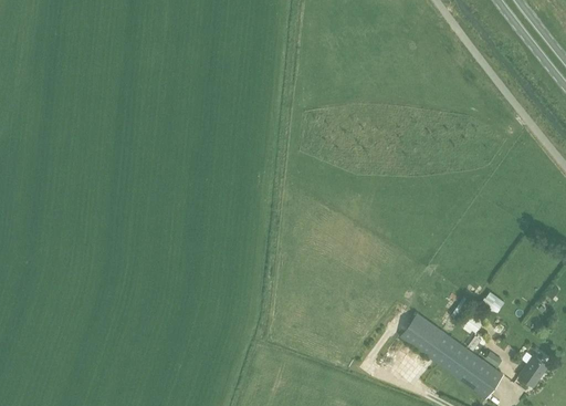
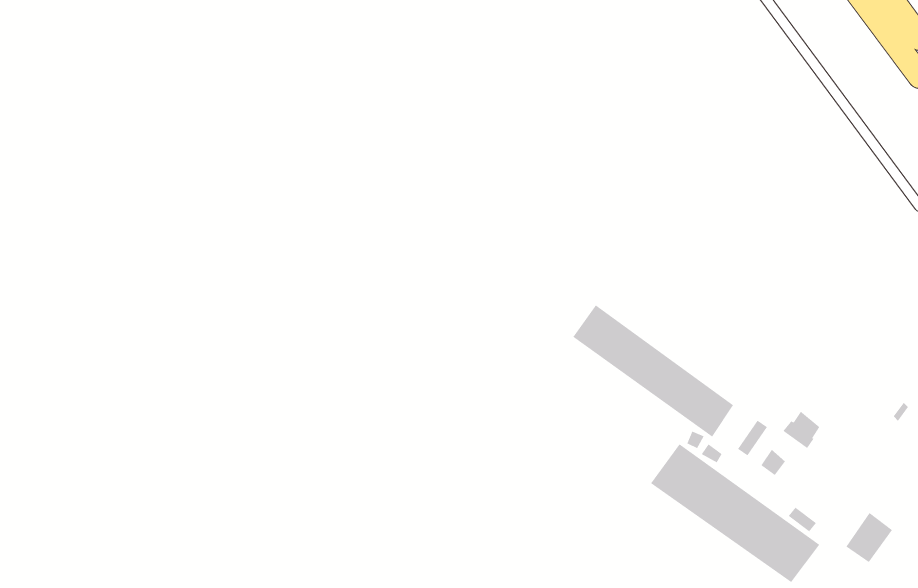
building: none -> [573,304,734,437]

